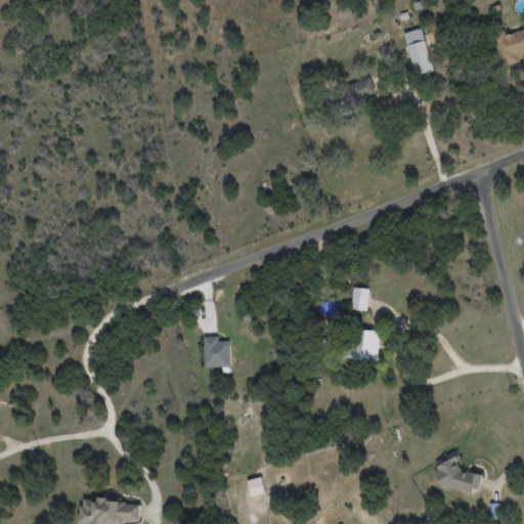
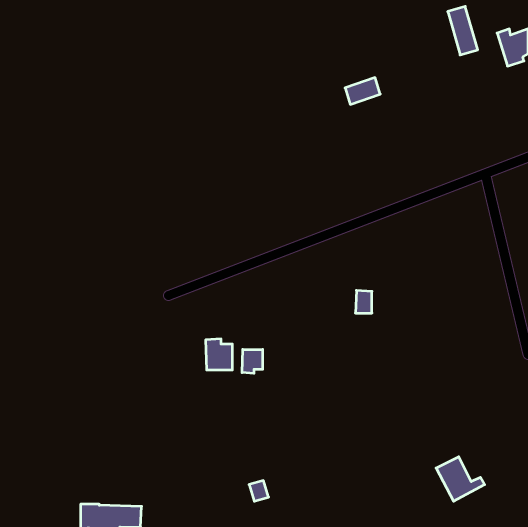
building: [404,29,434,77] -> [448,6,478,55]
building: [349,331,380,361] -> none
building: none -> [242,349,263,373]

